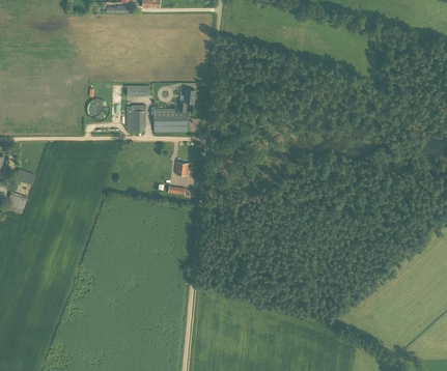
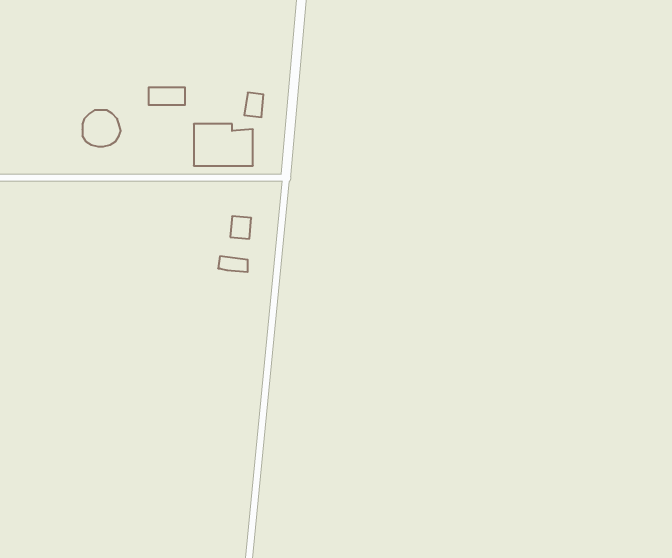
building: [125,105,145,131] -> none

